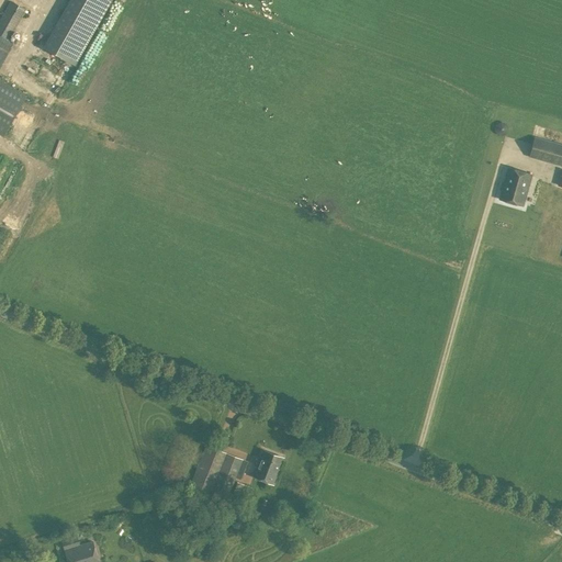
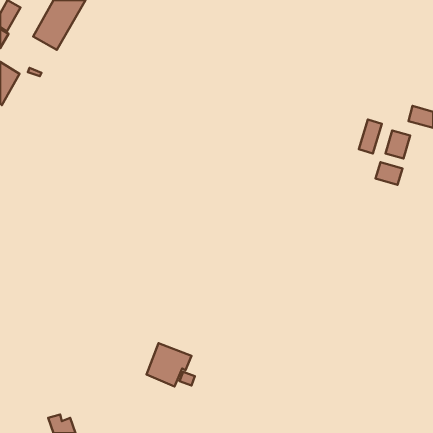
building: none -> [359,120,382,153]
building: none -> [376,162,402,185]
building: [252,450,283,484] -> none

